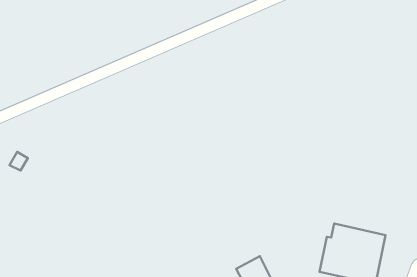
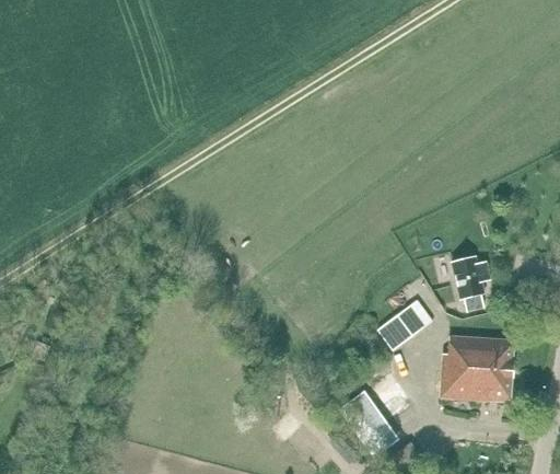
building: none -> [451,256,490,312]
building: none -> [377,300,432,350]

